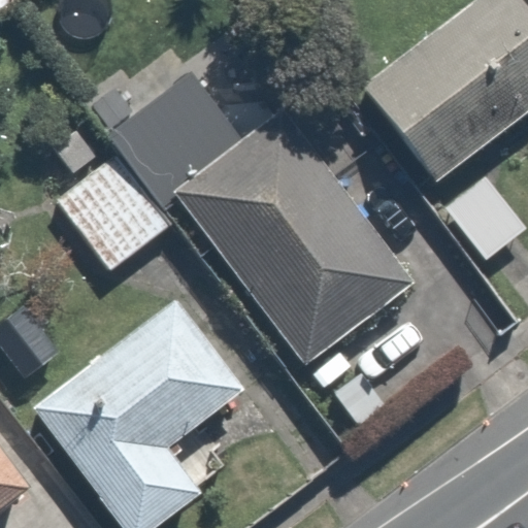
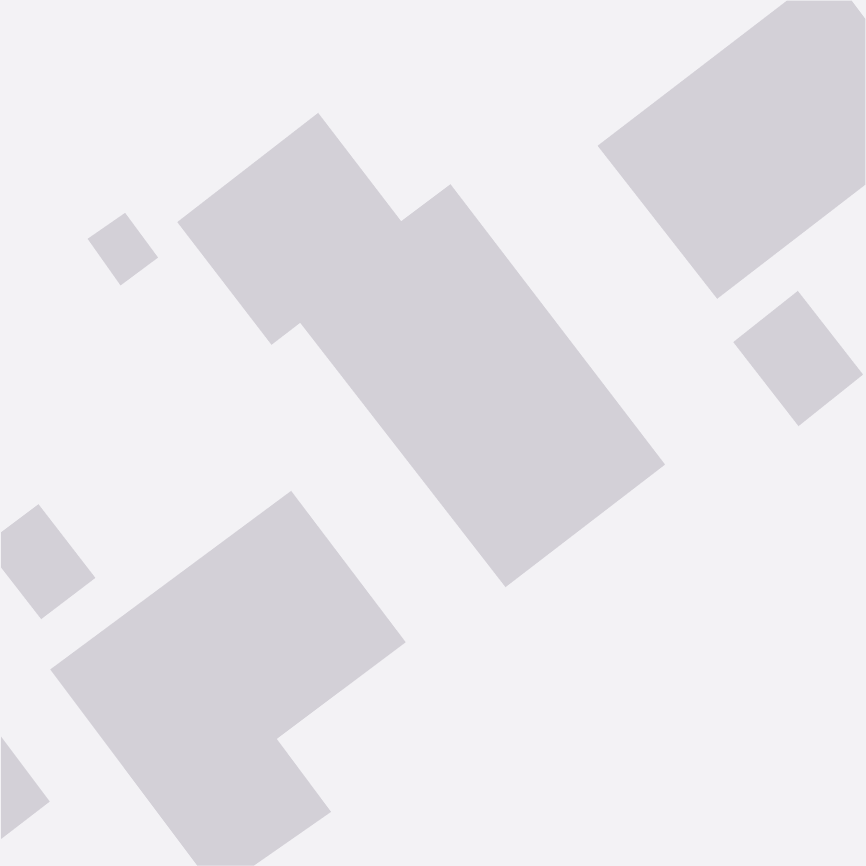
building: [58,155,169,269] -> none

